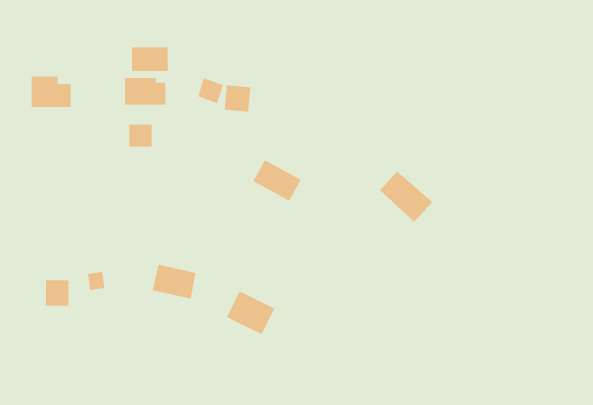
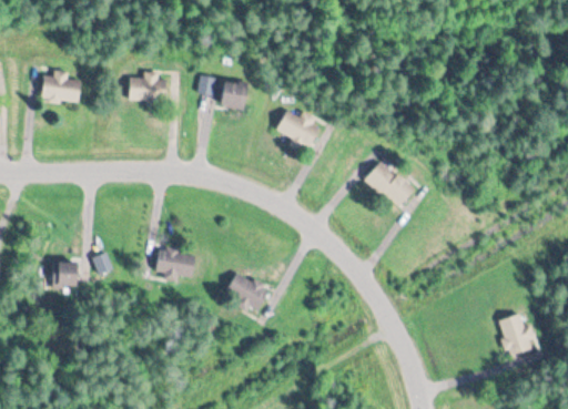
building: [132,47,168,72] -> none
building: [129,124,152,148] -> none
building: [252,159,301,201] -> [275,111,321,150]
building: none -> [497,313,536,356]

